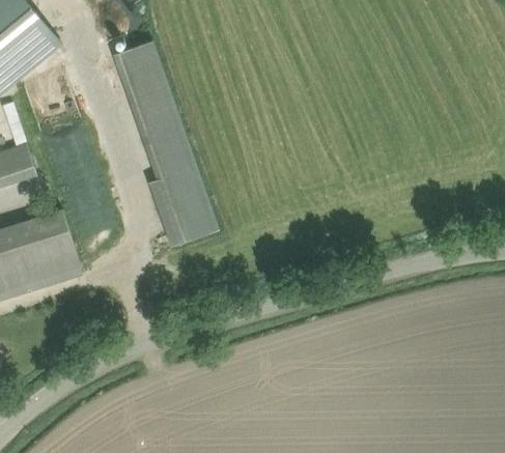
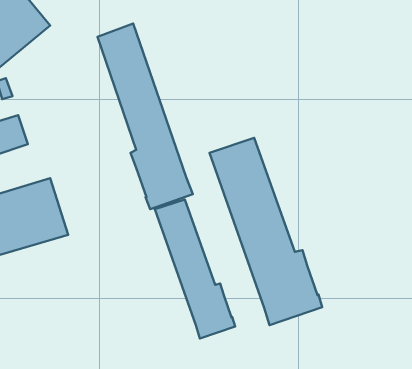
building: none -> [209,138,322,325]
building: none -> [155,199,235,338]

